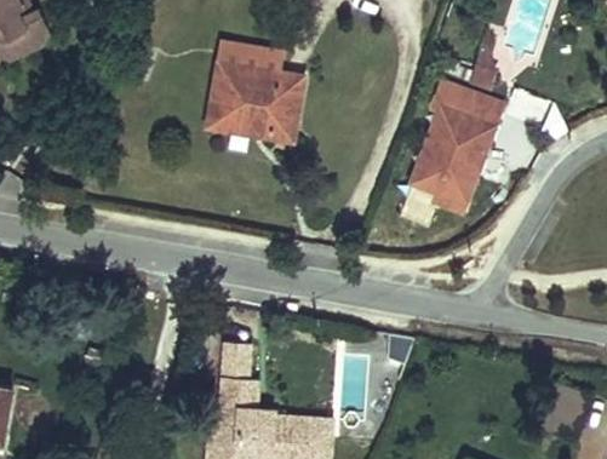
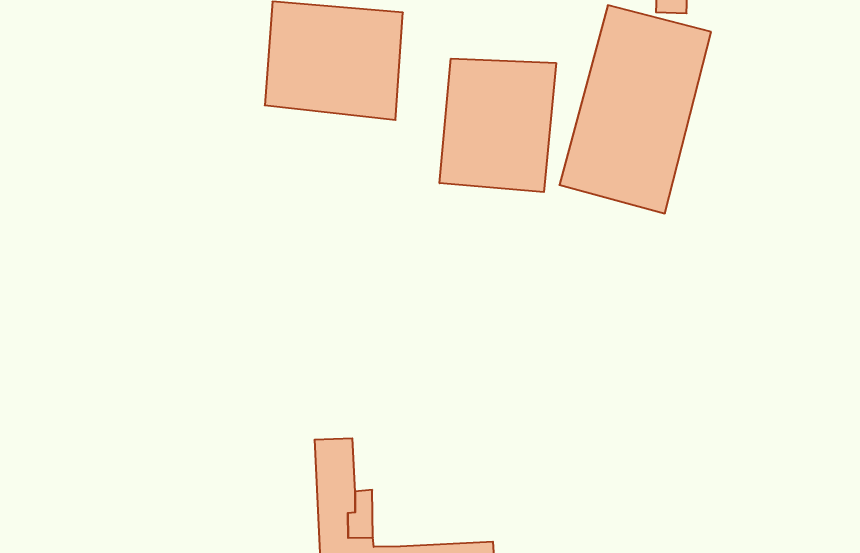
building: none -> [440,59,556,192]

